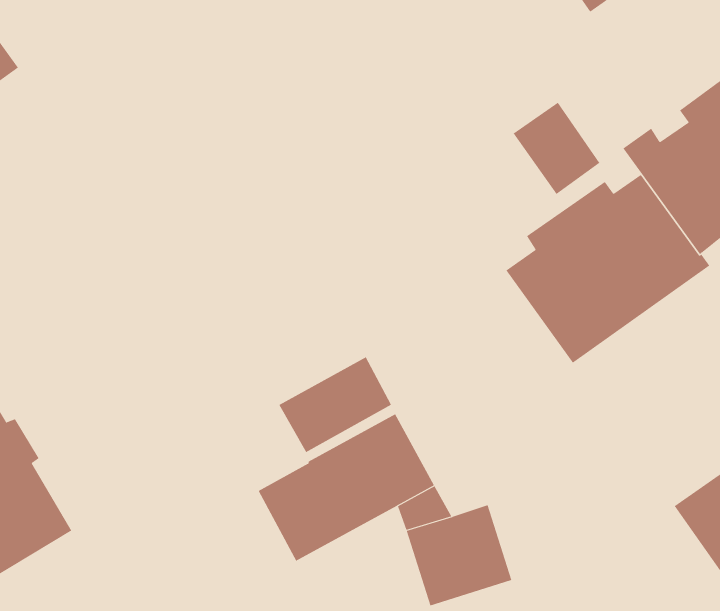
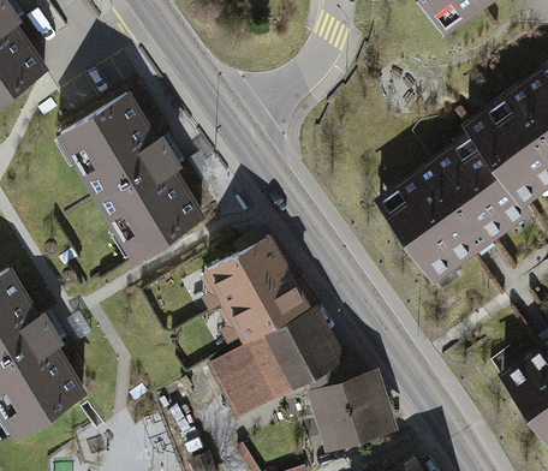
building: [513,102,600,195] -> none
building: none -> [71,95,203,252]
building: none -> [210,238,290,305]

